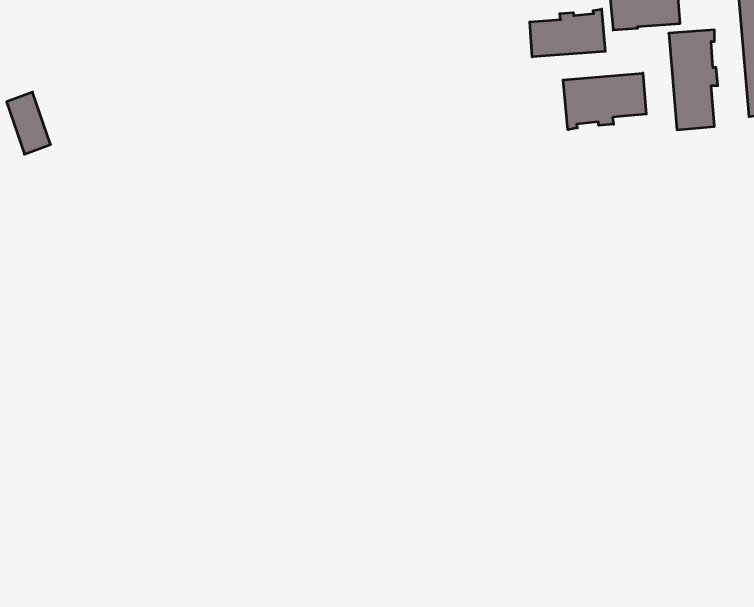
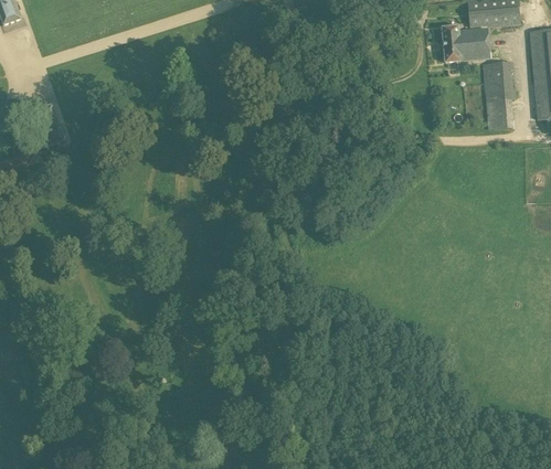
building: [530,9,605,57] -> none
building: [563,73,646,130] -> none

